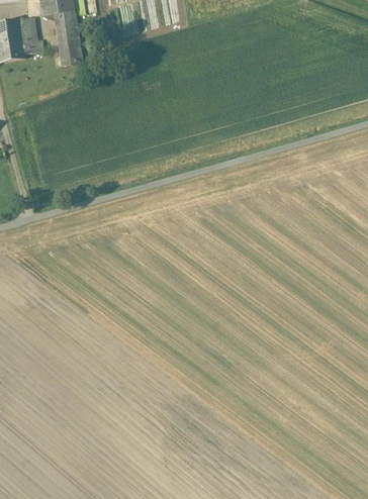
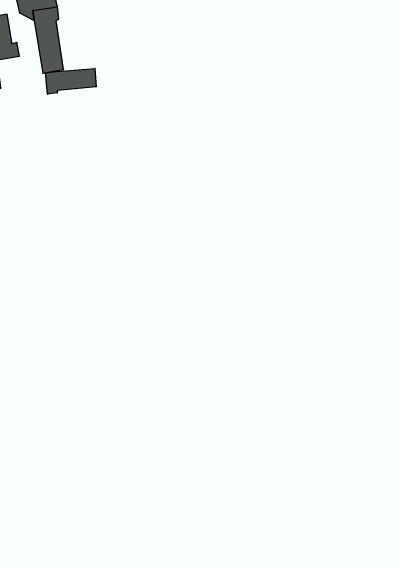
building: none -> [45,68,96,94]

